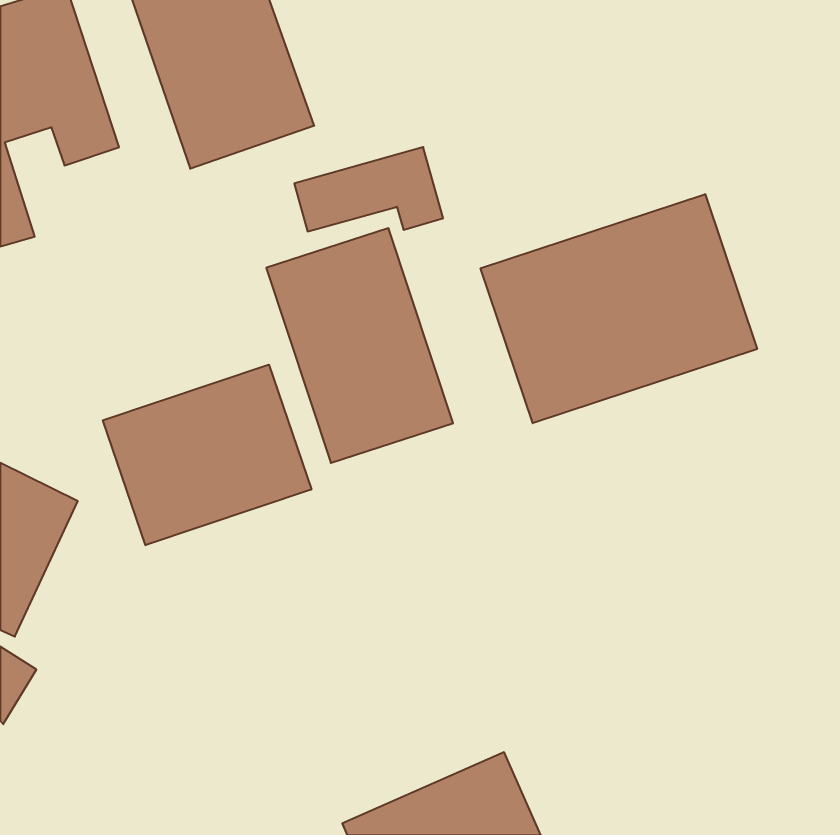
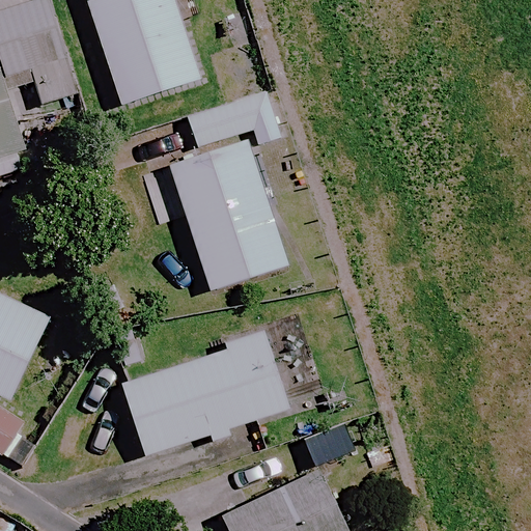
building: [481,194,757,423] -> none
building: [103,365,311,545] -> none
building: none -> [121,336,287,456]

